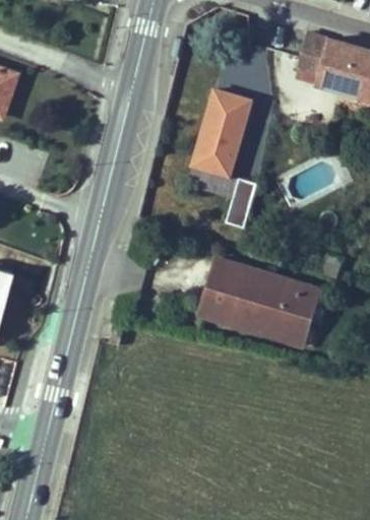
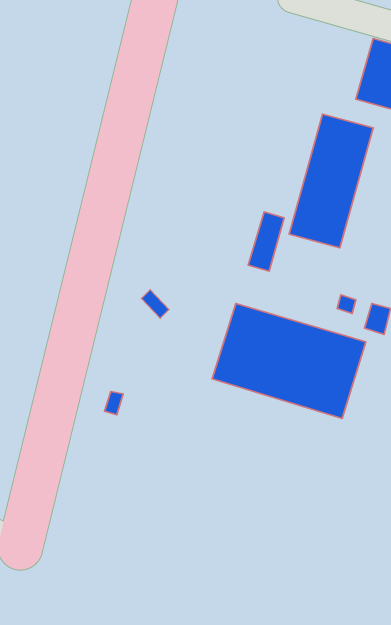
building: [295,30,328,76] -> none
building: [187,87,256,197] -> [289,114,373,248]

